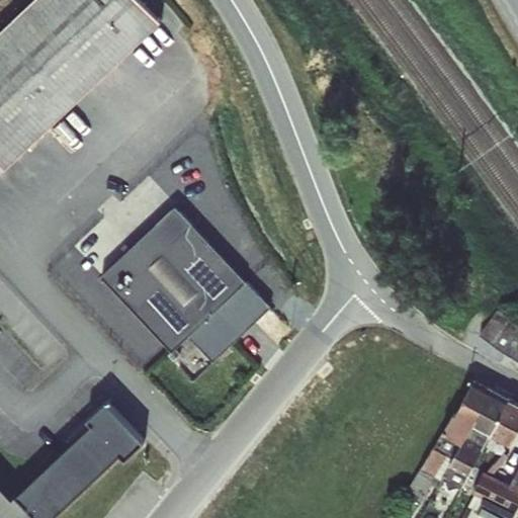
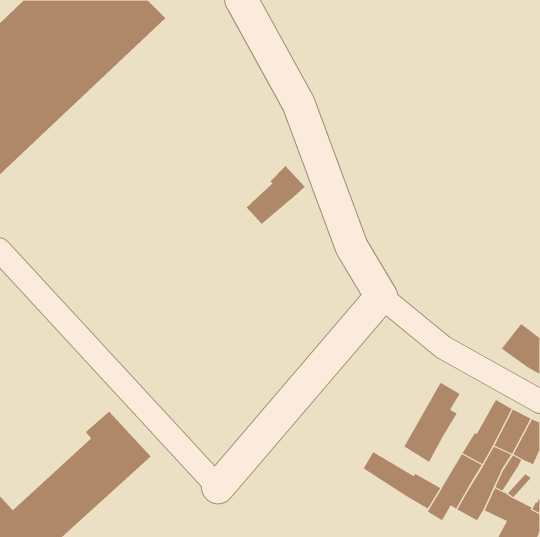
building: none -> [246,165,305,225]
building: [99,202,273,362] -> none
building: none -> [403,382,461,463]
building: none -> [363,451,441,510]

